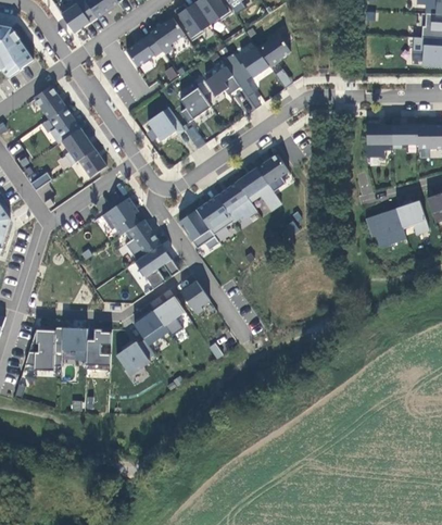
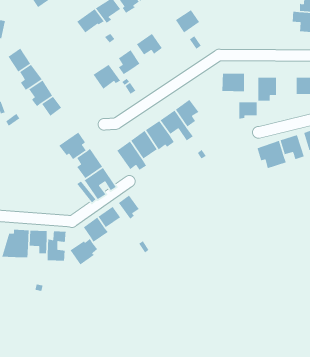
building: [226,46,268,86] -> none
building: none -> [222,73,245,92]
building: [392,124,417,148] -> [239,101,257,119]

